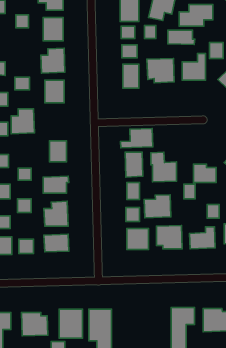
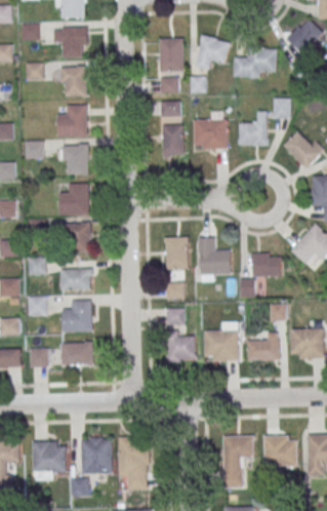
building: [168,30,195,45] -> none
building: [11,109,34,134] -> [59,183,89,214]
building: [120,129,153,148] -> none
building: [144,195,171,218] -> none

